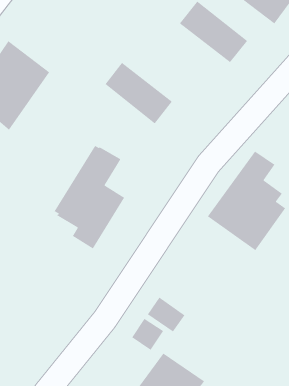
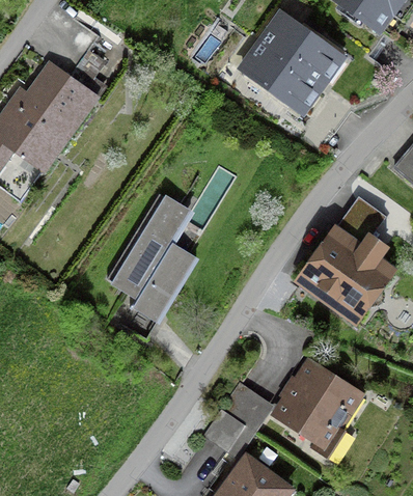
building: [104,62,173,125] -> [240,38,326,117]
building: none -> [273,360,368,451]

